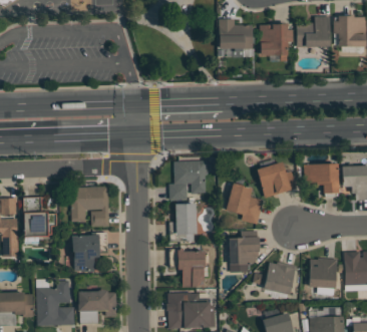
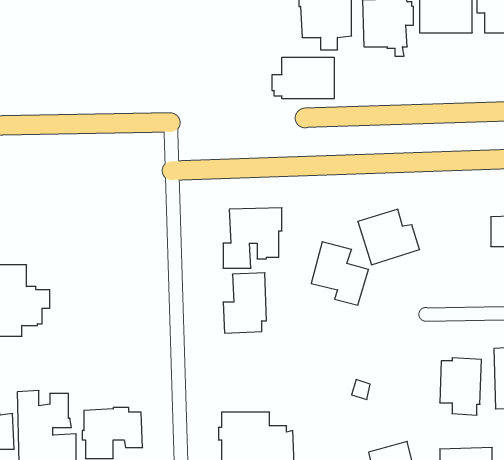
building: none -> [272,57,334,99]
building: [304,162,339,195] -> none
building: [69,186,109,226] -> none
building: [72,233,100,271] -> none
building: [230,236,260,271] -> none
building: [170,248,209,286] -> none
building: [264,261,297,294] -> none

